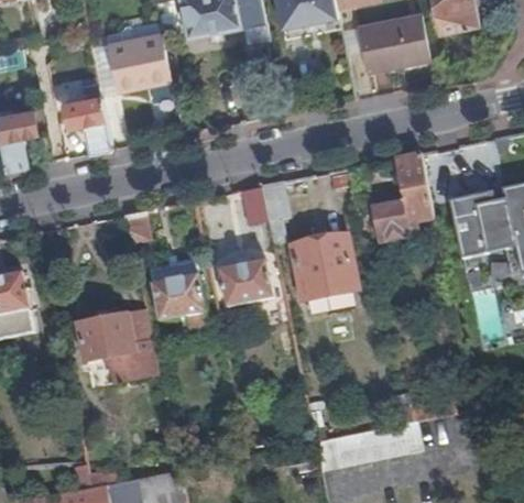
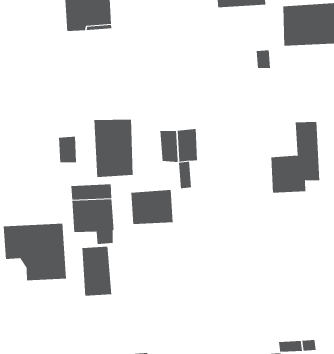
building: [64,98,112,154] -> none
building: none -> [94,119,133,178]
building: [284,236,354,311] -> none
building: none -> [82,246,112,297]

